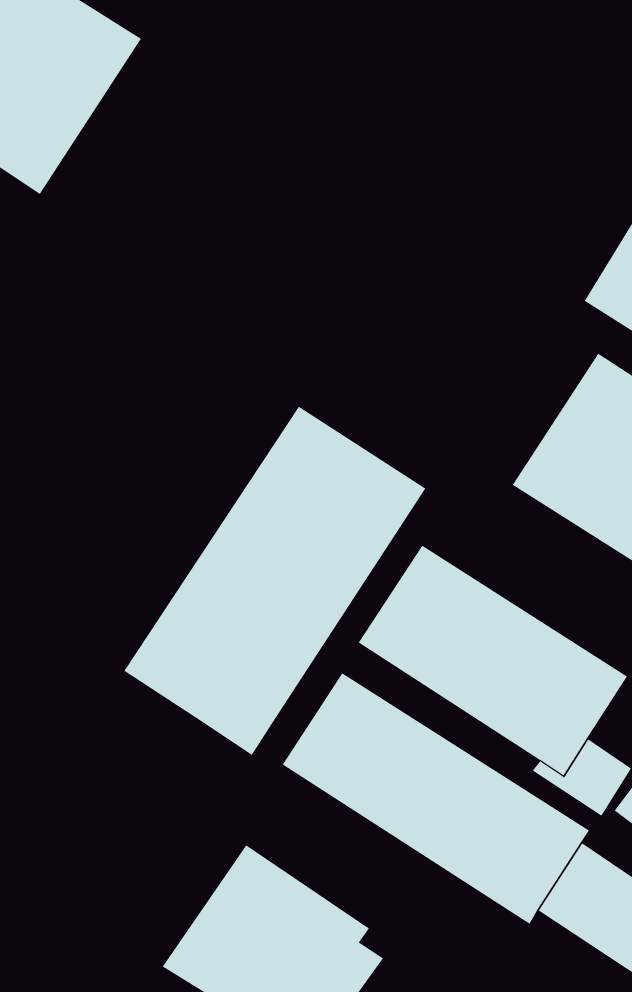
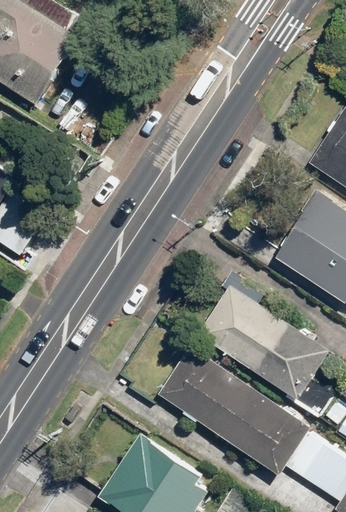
building: [124,406,426,756] -> none

